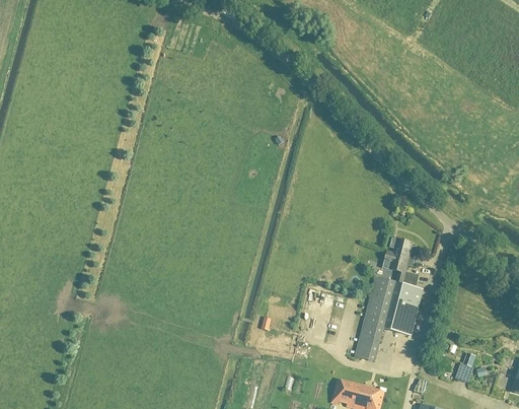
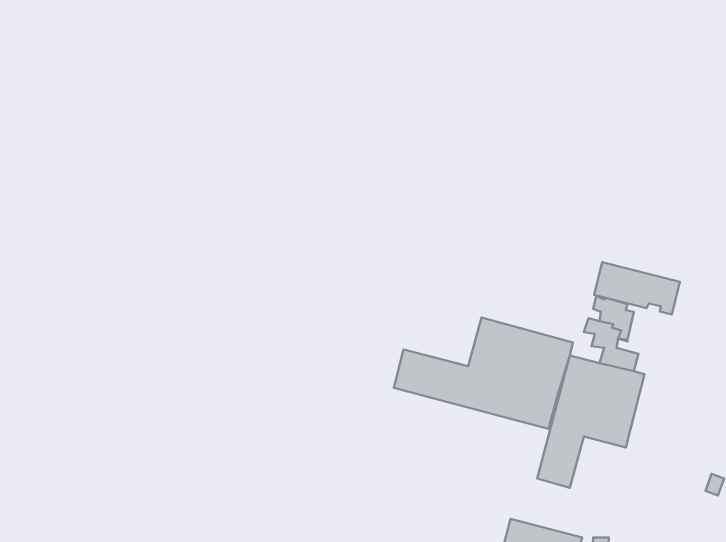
building: none -> [594,262,680,314]
building: none -> [394,317,573,429]

